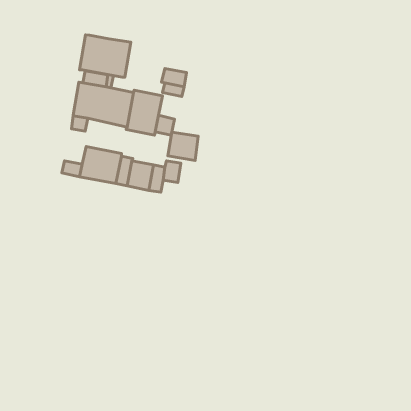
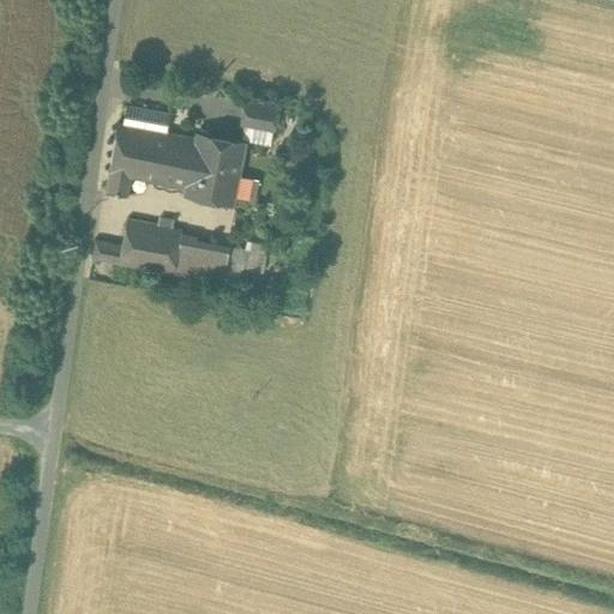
building: [80,35,131,77] -> none
building: [168,132,198,160] -> none

